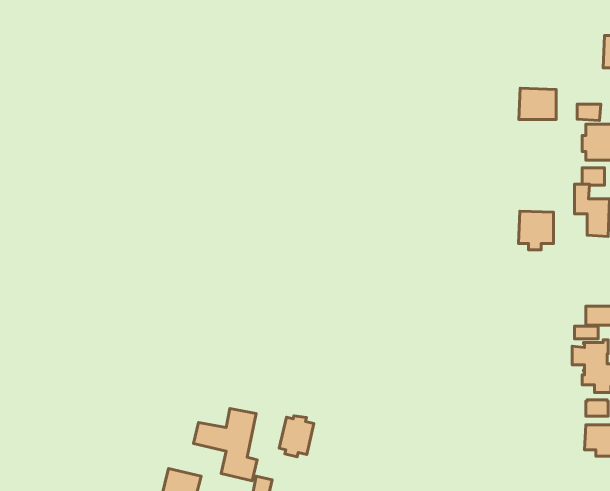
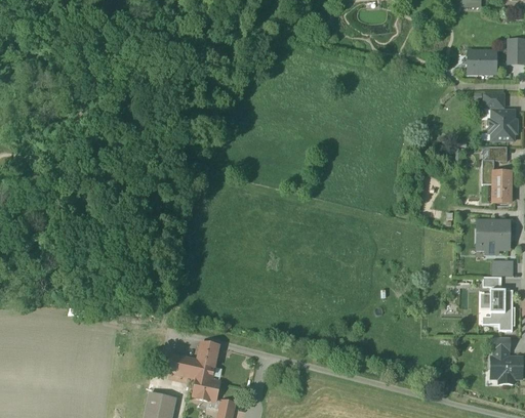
building: [519,88,556,119] -> [466,49,496,75]
building: [519,211,554,250] -> [478,221,507,253]
building: [279,416,314,457] -> none

